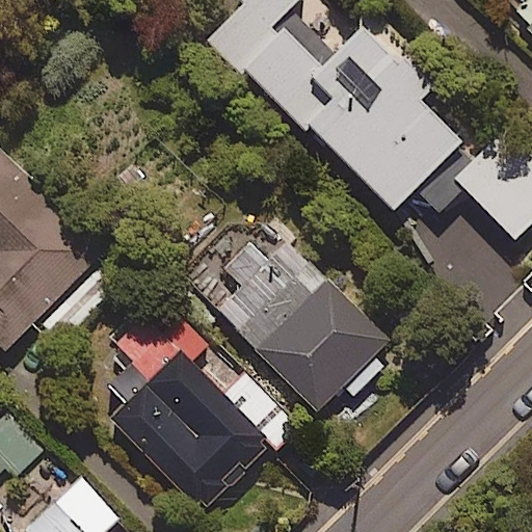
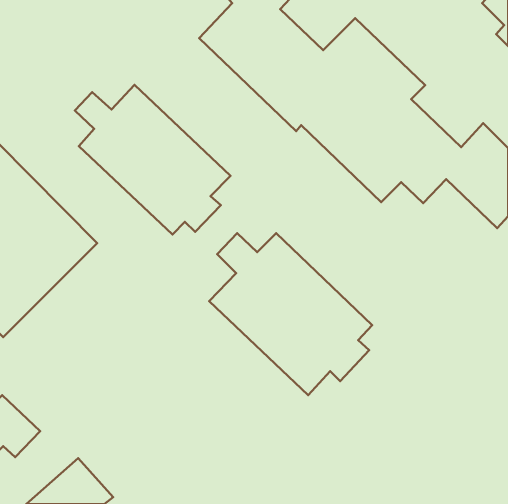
building: none -> [75,85,230,234]
building: [111,315,297,516] -> none

